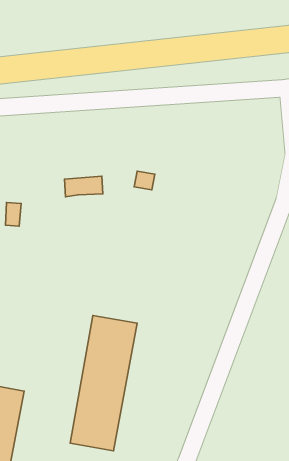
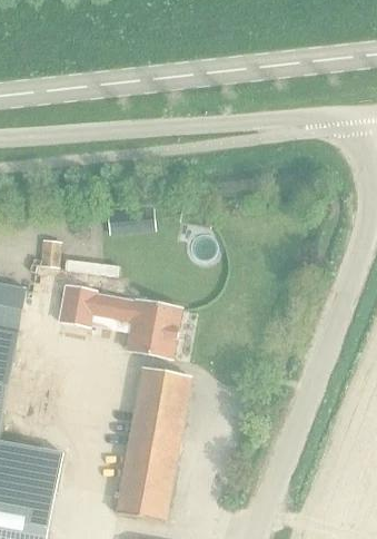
building: none -> [59,285,181,357]

